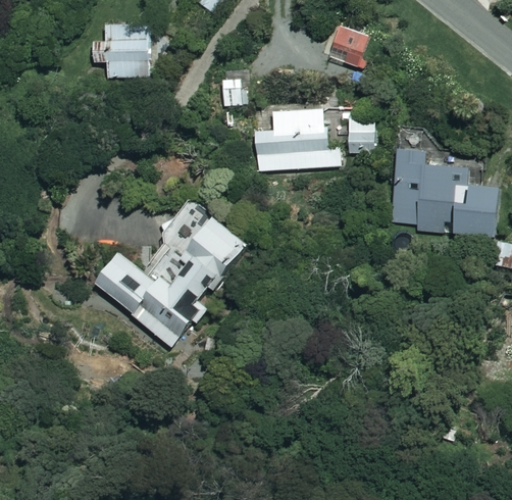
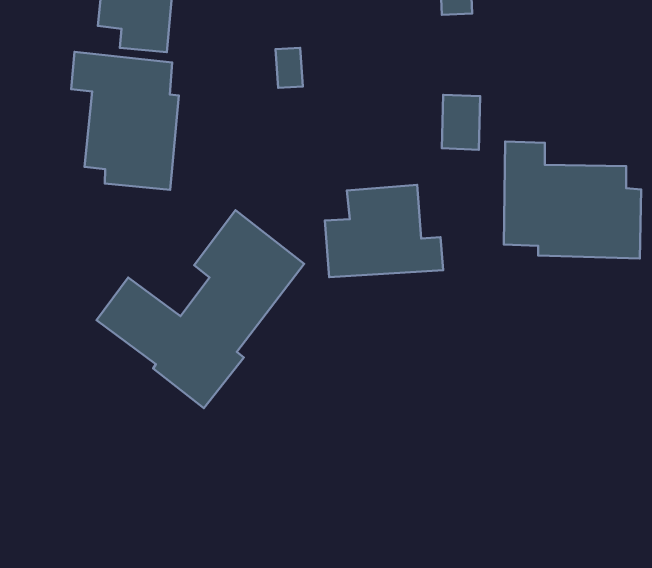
building: none -> [71,52,179,190]
building: [255,106,343,174] -> [325,185,443,277]

